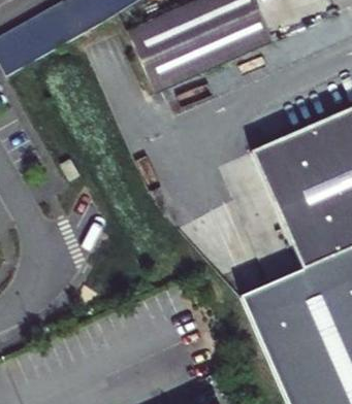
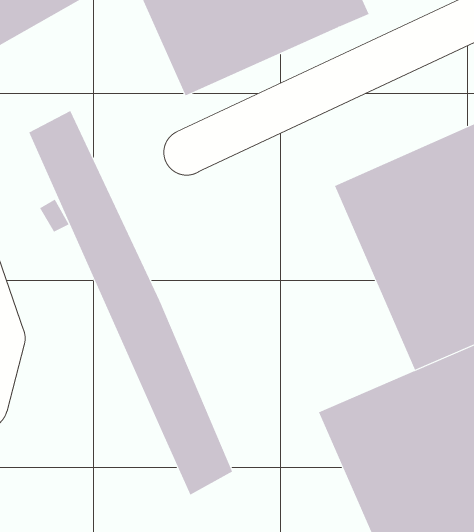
building: none -> [29,110,233,495]

